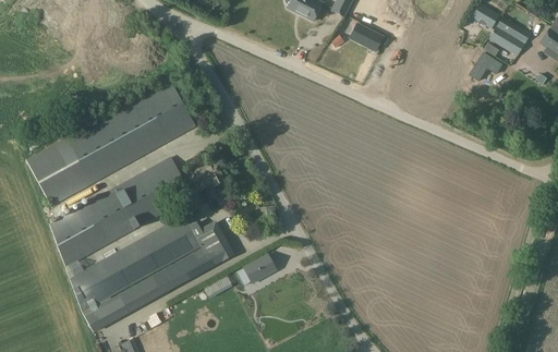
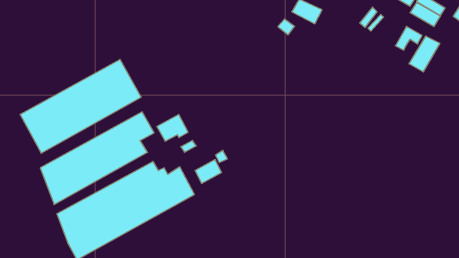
building: none -> [409,36,440,72]
building: [145,81,196,139] -> none
building: [244,256,276,284] -> [195,160,222,183]

